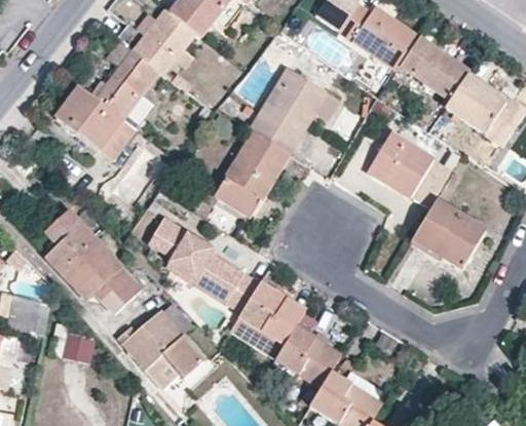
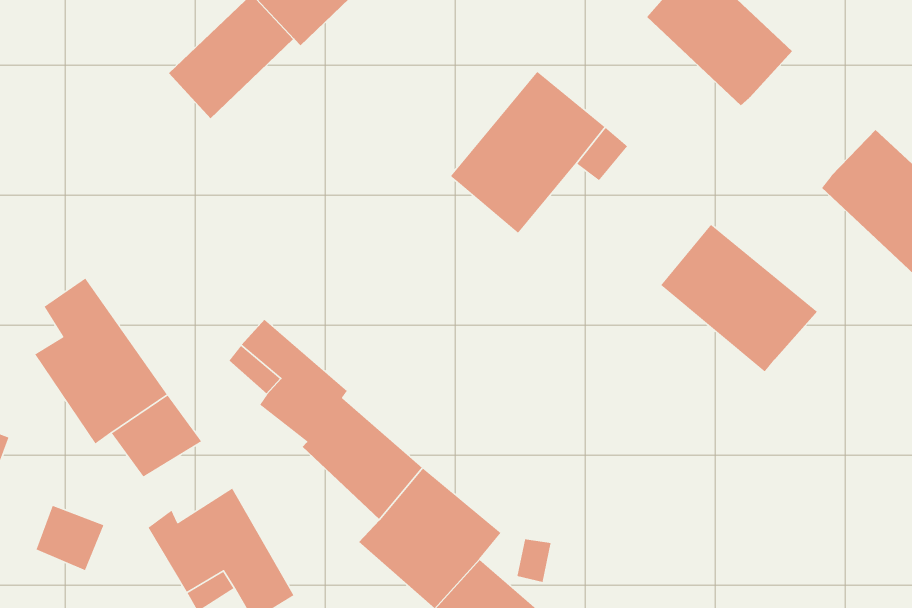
building: [399,37,466,99] -> none
building: [54,86,133,159] -> none
building: [213,131,289,219] -> none
building: [410,199,485,267] -> none

